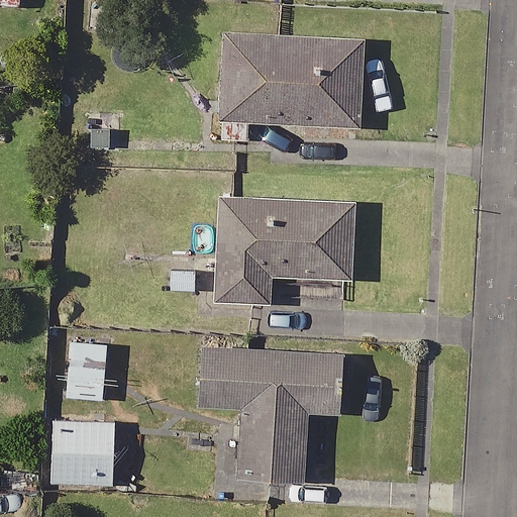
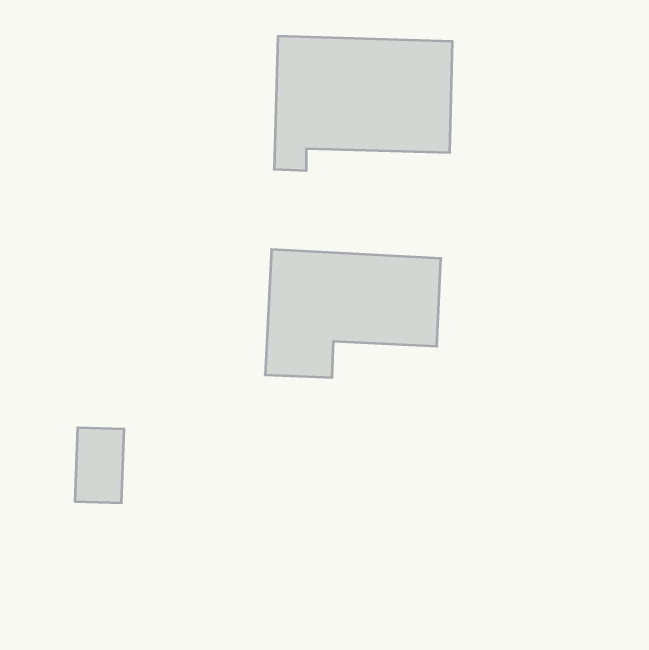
building: [201,345,341,479] -> none
building: [48,421,114,486] -> none

